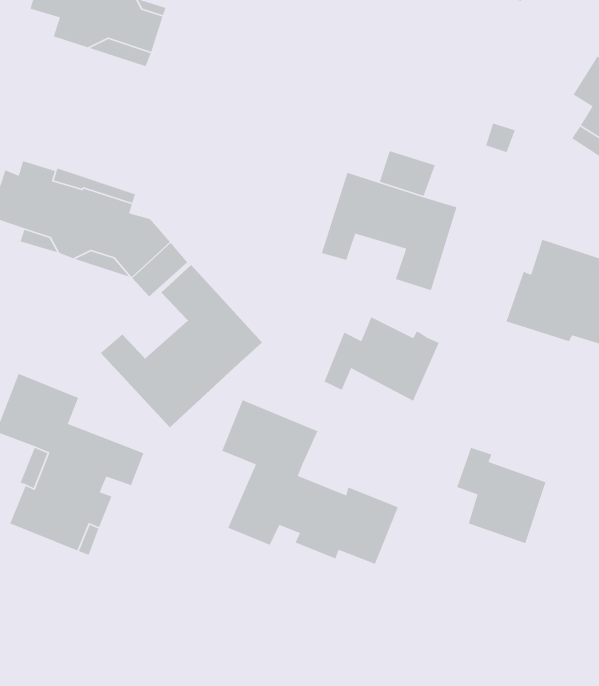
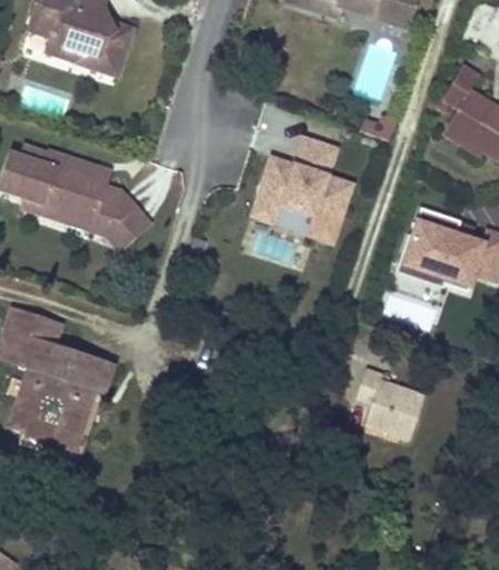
building: [100,264,263,428] -> none
building: [323,316,440,402] -> none
building: [221,399,399,565] -> none

